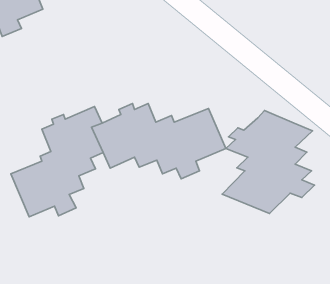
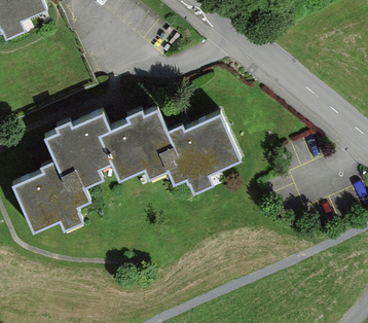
building: [222,110,315,213] -> none

